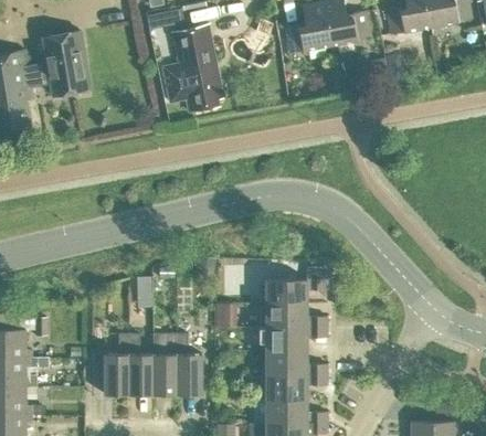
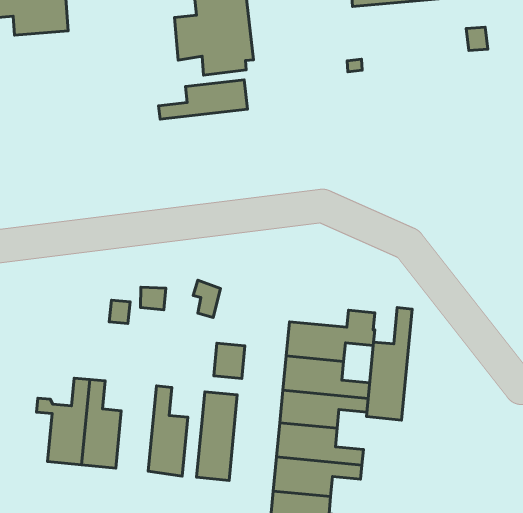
building: none -> [159,80,248,119]
building: none -> [366,308,412,420]
building: [154,333,177,394] -> [197,392,237,480]

